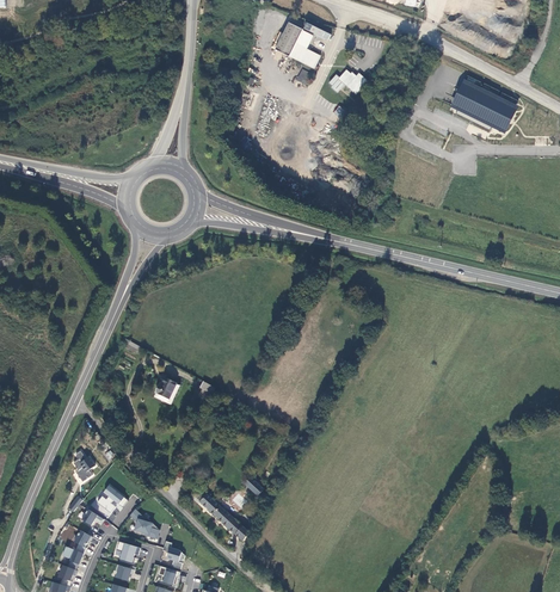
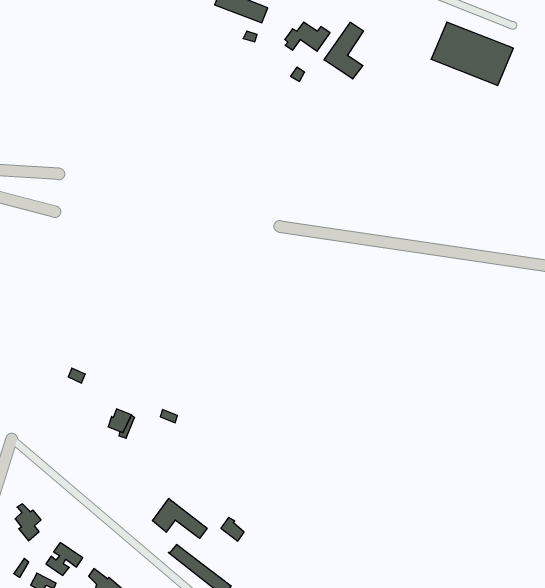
building: none -> [324,22,364,79]
building: none -> [152,498,207,538]

